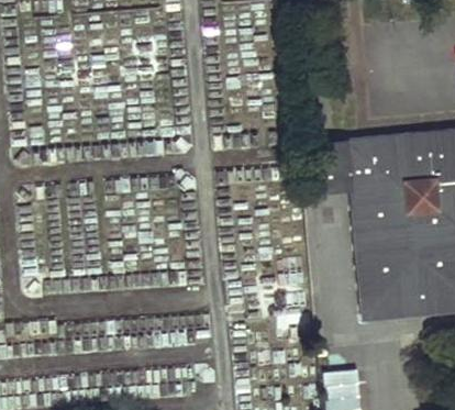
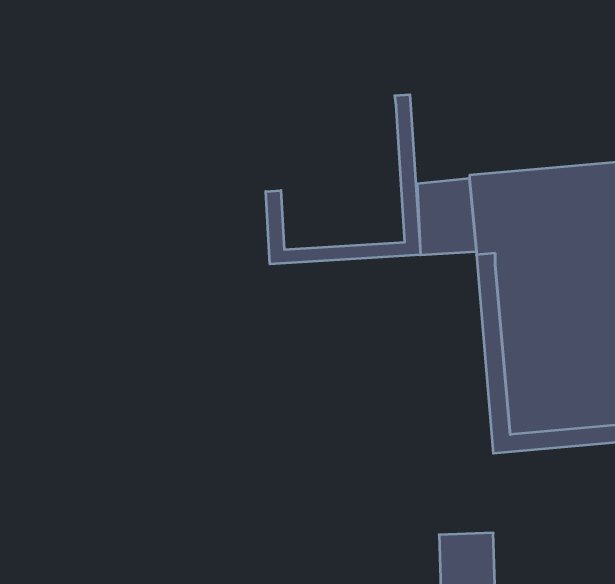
building: none -> [266,95,420,264]

